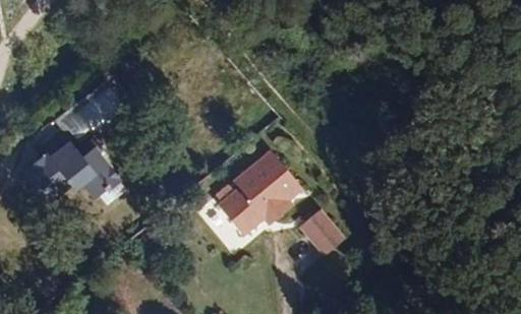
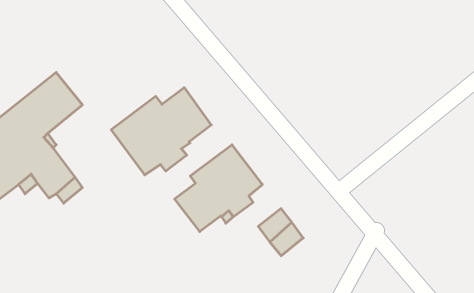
building: none -> [111,88,211,175]

